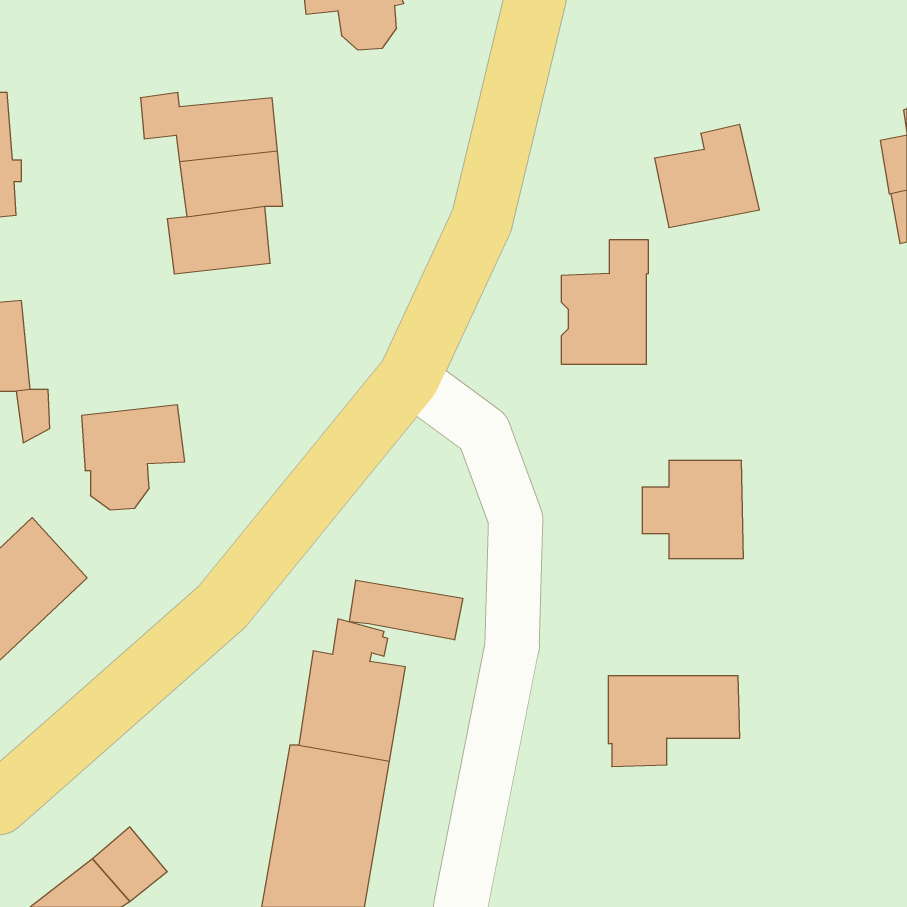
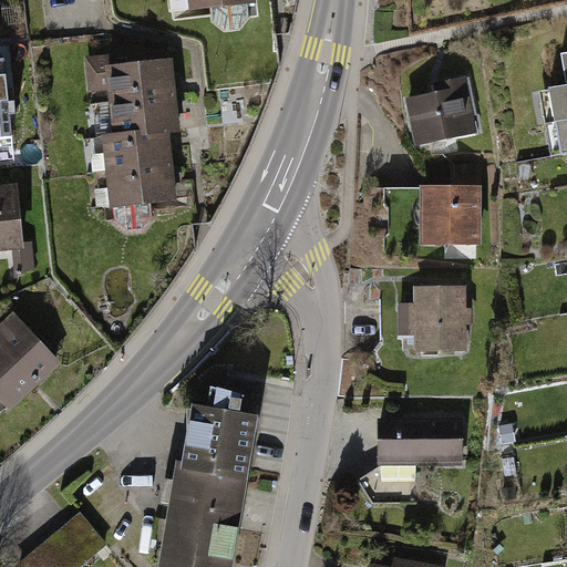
building: [561,240,648,364] -> [423,165,477,243]
building: [82,405,185,510] -> [109,164,173,229]
building: [349,580,463,640] -> none

